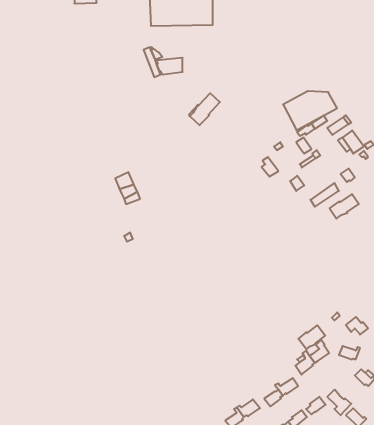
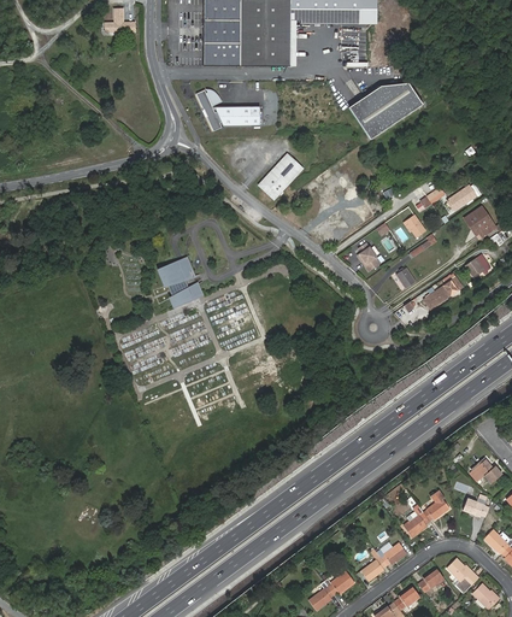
building: [283,91,337,130] -> [352,84,425,137]
building: [330,194,359,219] -> none
building: [298,325,325,349] -> none

